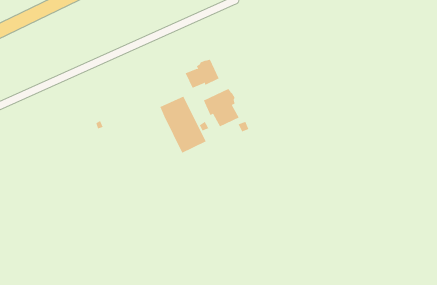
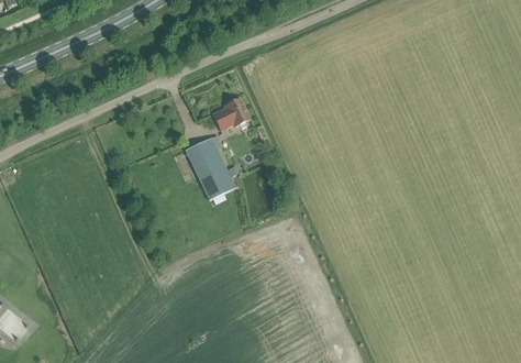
building: [203,88,239,127] -> none

